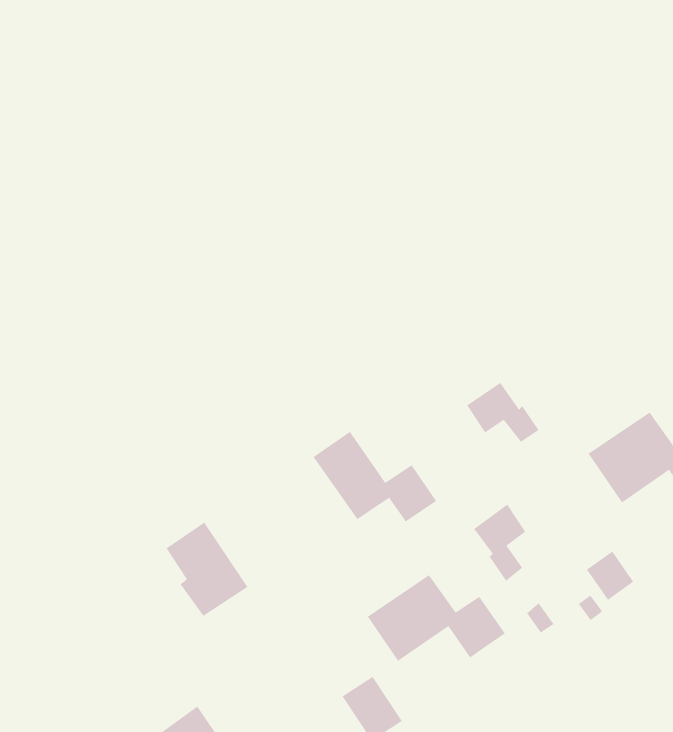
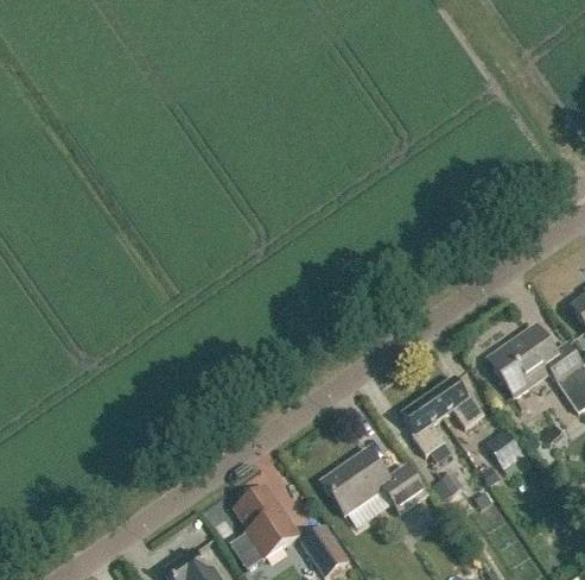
building: [466,382,540,443] -> [427,377,483,423]
building: [313,431,437,522] -> none
building: [166,521,248,617] -> [235,485,298,557]

